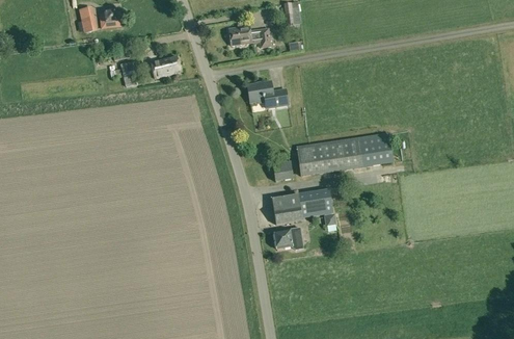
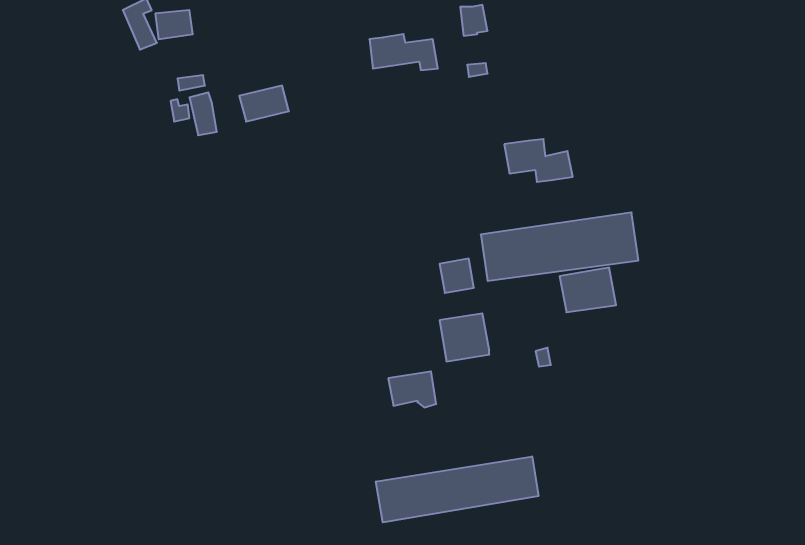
building: [247,81,289,107] -> [504,139,573,182]
building: [298,189,332,216] -> [560,268,616,312]
building: [274,228,303,250] -> [388,371,436,407]
building: none -> [376,456,538,522]

